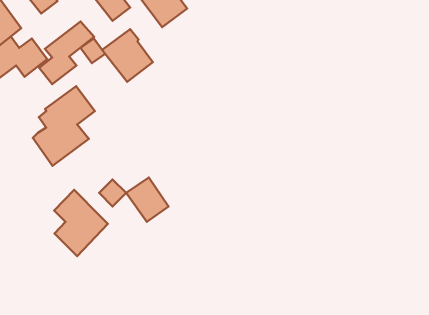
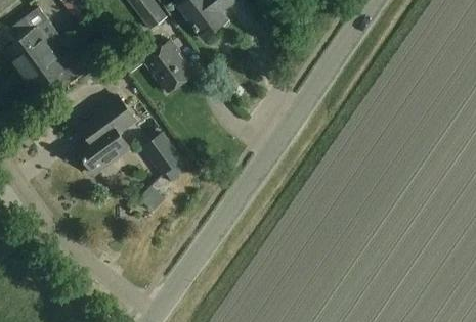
building: [39,21,94,84] -> none
building: [126,177,169,222] -> [142,133,184,177]
building: [54,190,108,256] -> none

